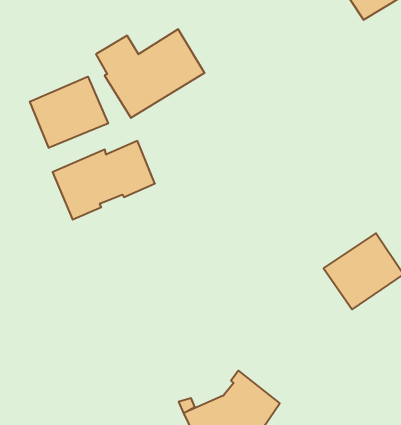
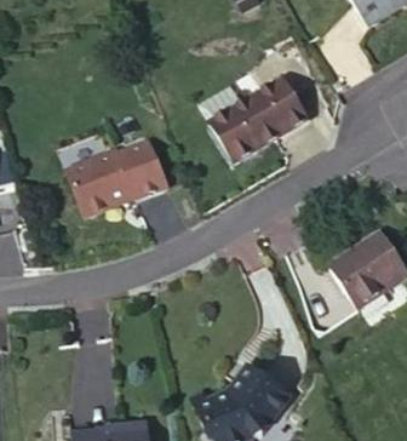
building: [96,29,205,118] -> [201,76,306,162]
building: [30,77,108,148] -> none

